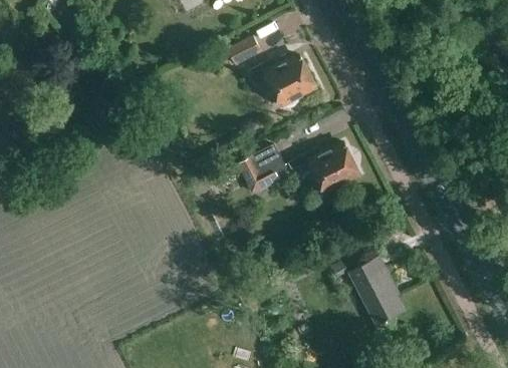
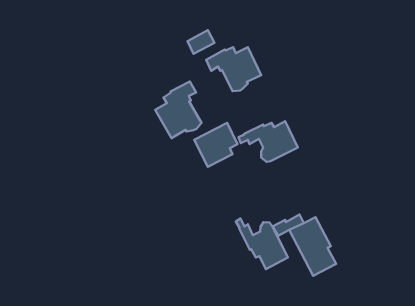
building: none -> [155,82,202,138]
building: none -> [236,219,288,269]

